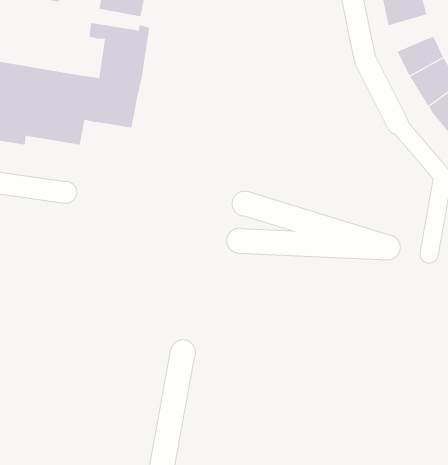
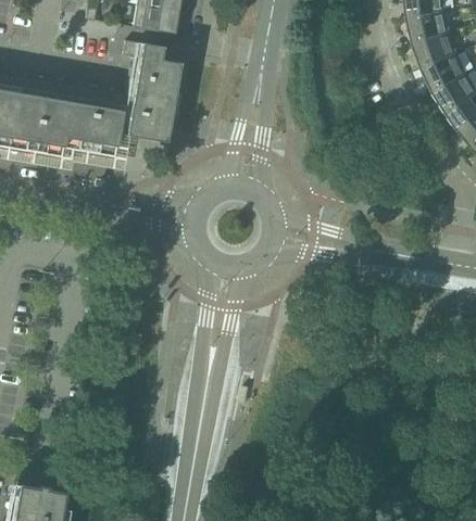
building: none -> [413,36,458,72]

